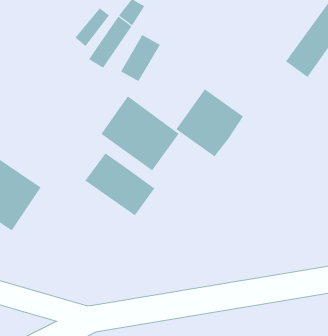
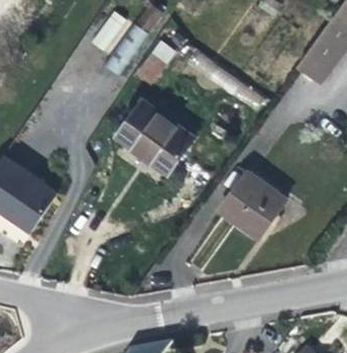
building: [175,89,244,157] -> [219,171,286,238]
building: [84,152,155,216] -> none

